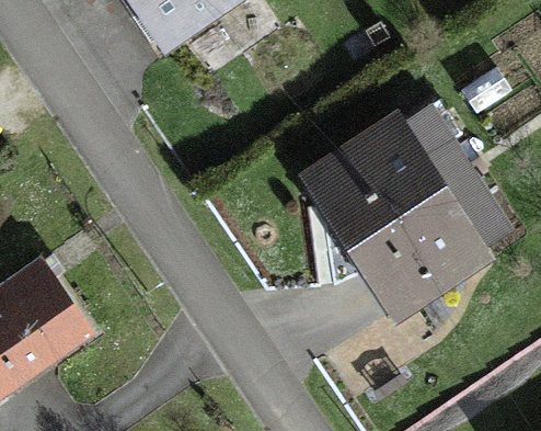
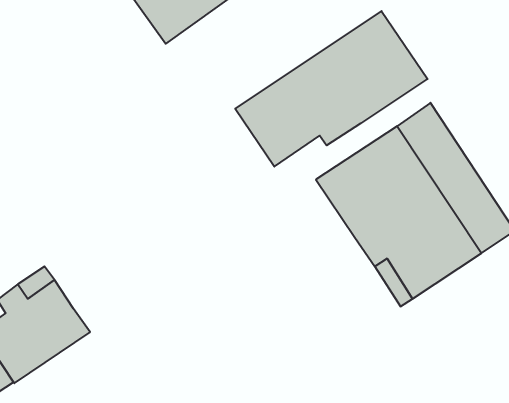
building: none -> [235,11,428,167]

